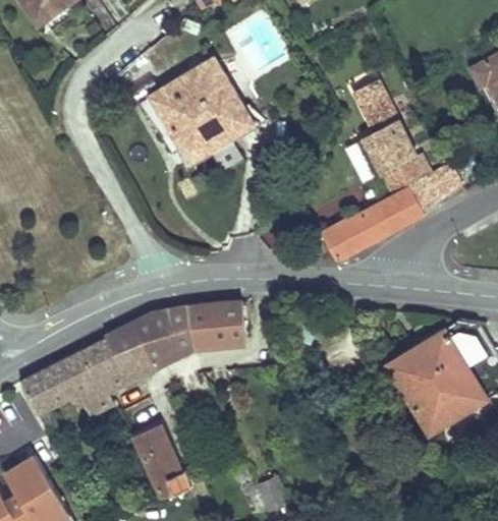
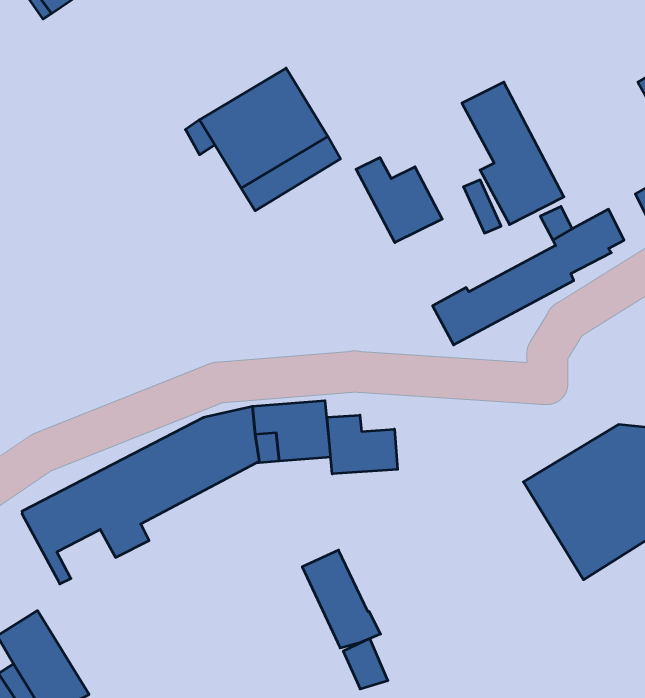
building: none -> [356,158,442,243]
building: none -> [327,415,398,474]
building: [133,425,190,497] -> [302,550,381,648]

